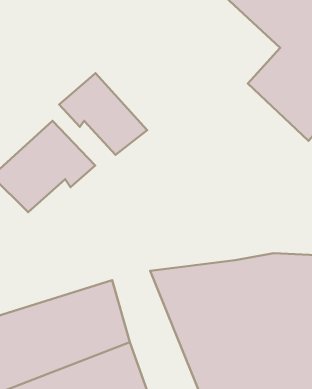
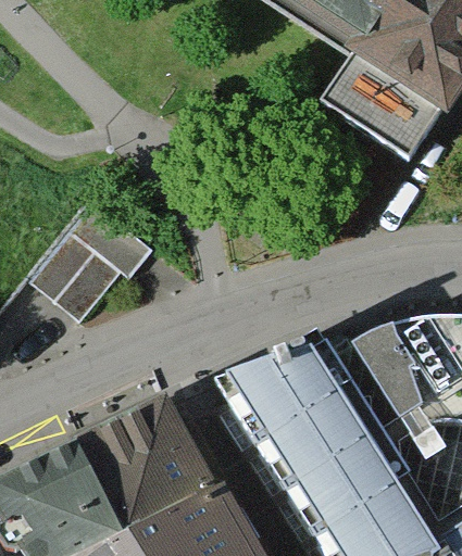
building: [59,73,147,155] -> none

